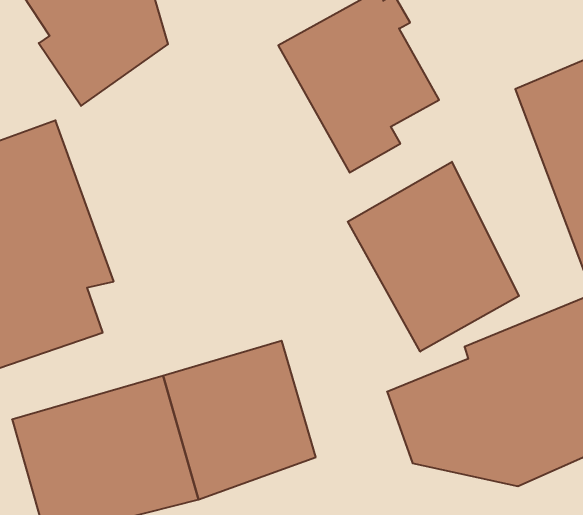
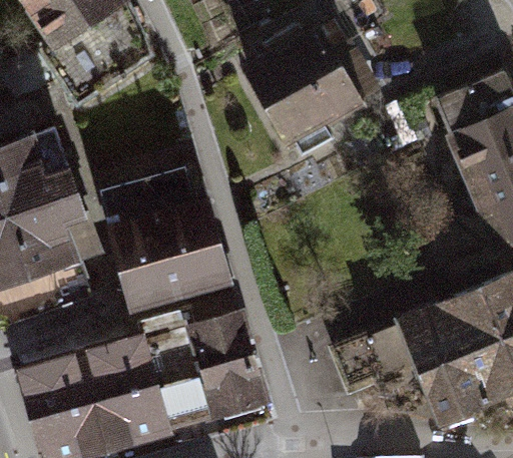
building: [348,162,519,352] -> none
building: none -> [97,170,238,318]

